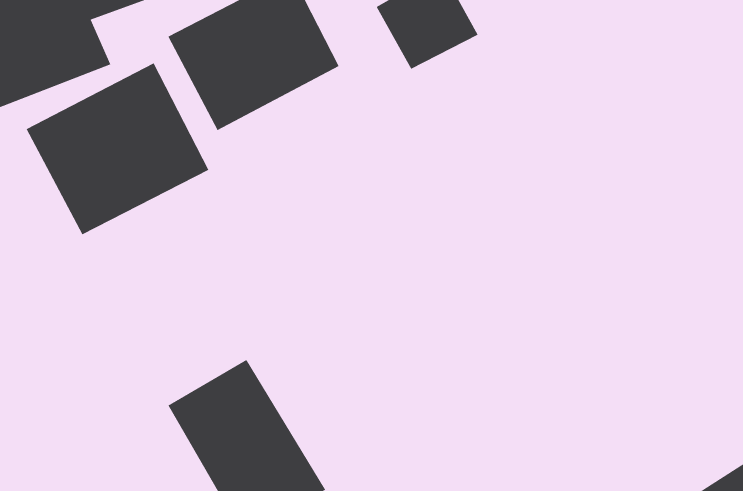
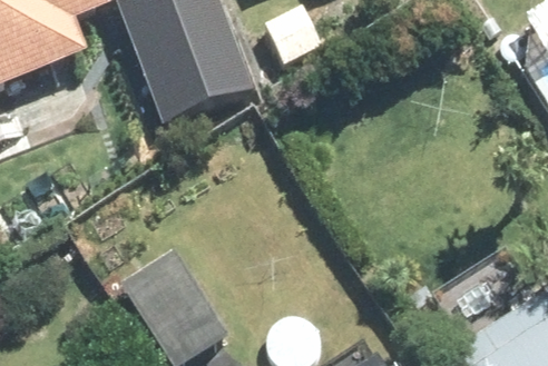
building: [26,62,209,235] -> none

